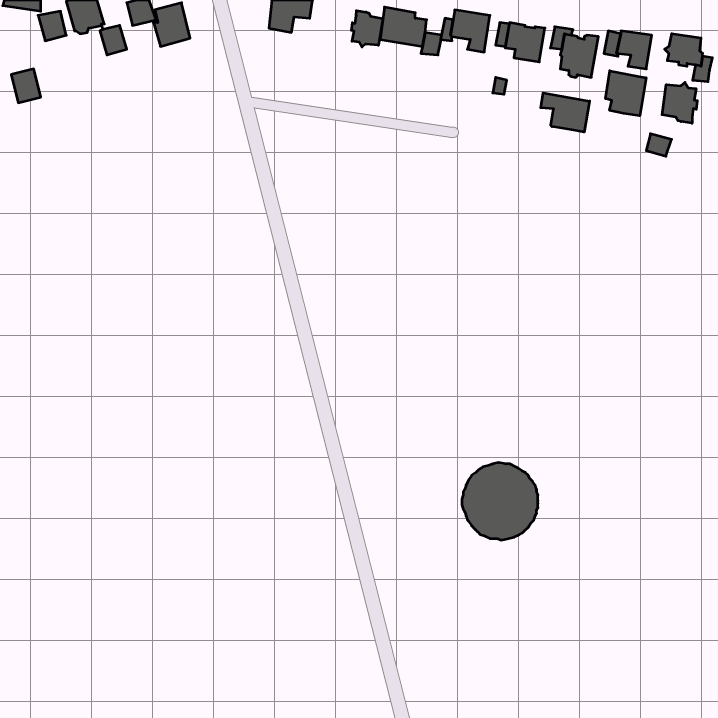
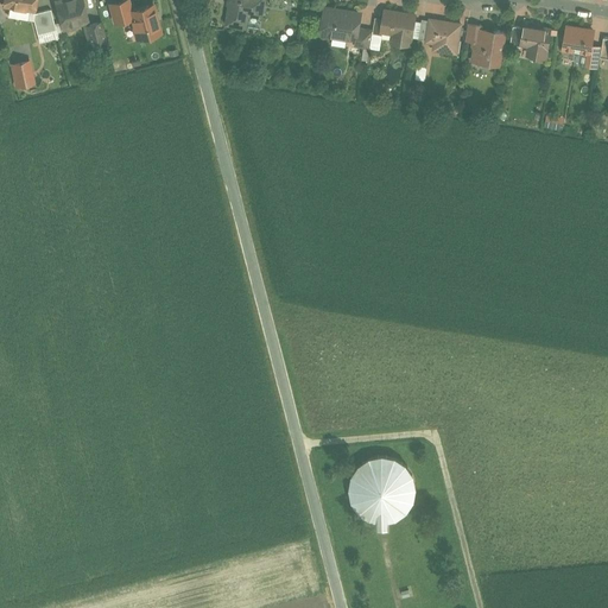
building: [351,11,383,47] -> none
building: [606,71,646,116] -> none
building: [662,82,697,123] -> none
building: [541,93,590,132] -> none
building: [462,463,538,540] -> [346,452,410,518]

